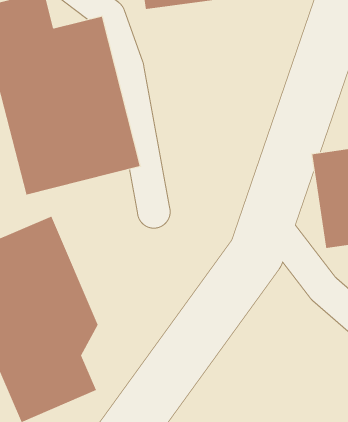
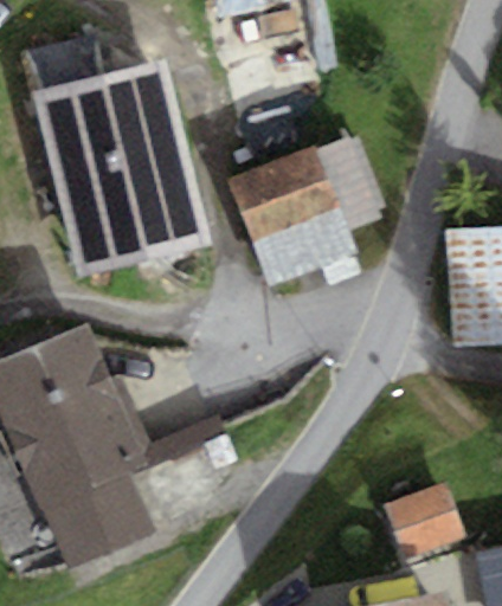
building: none -> [231,142,373,282]
building: none -> [381,479,471,566]

